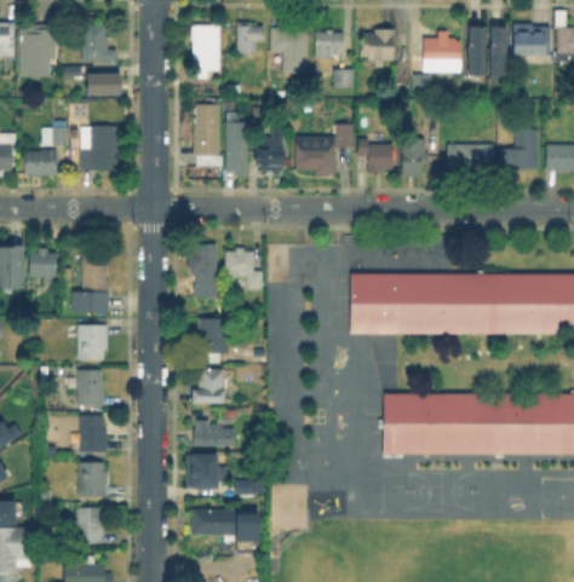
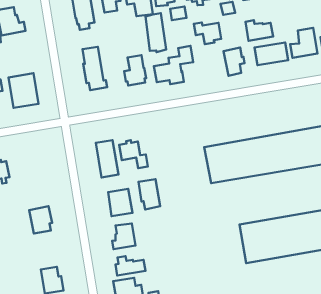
building: [84,71,119,93] -> none
building: none -> [245,20,273,41]
building: [223,119,248,174] -> [146,13,166,52]
building: [358,140,395,173] -> [194,22,221,44]
building: [71,249,109,311] -> none
building: none -> [138,179,160,209]
building: [79,371,105,407] -> none

